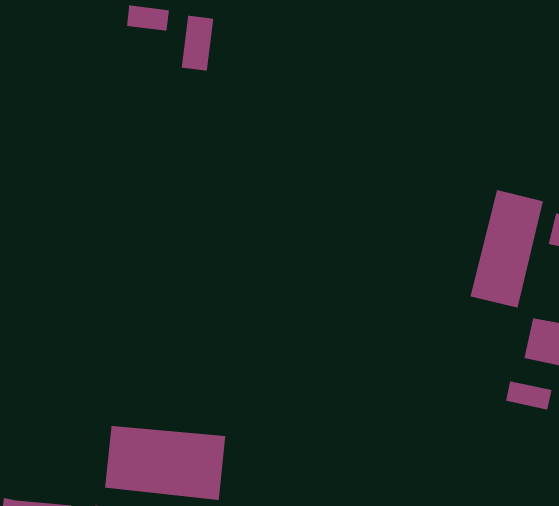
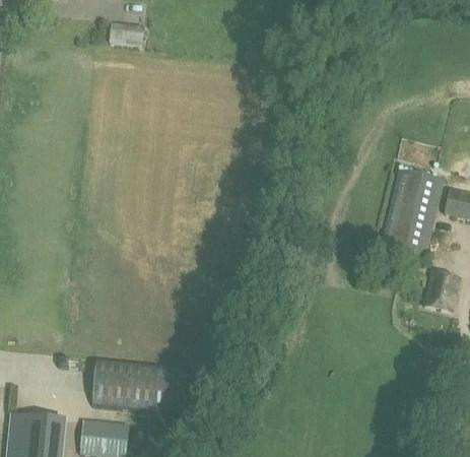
building: [181,15,214,72] -> none
building: [505,380,552,410] -> none

